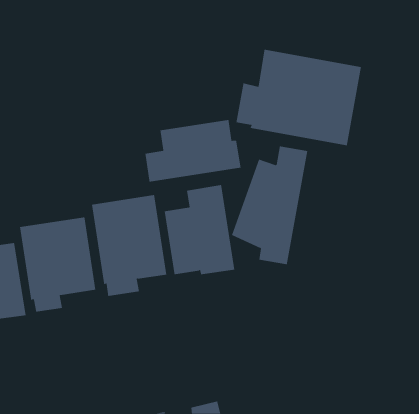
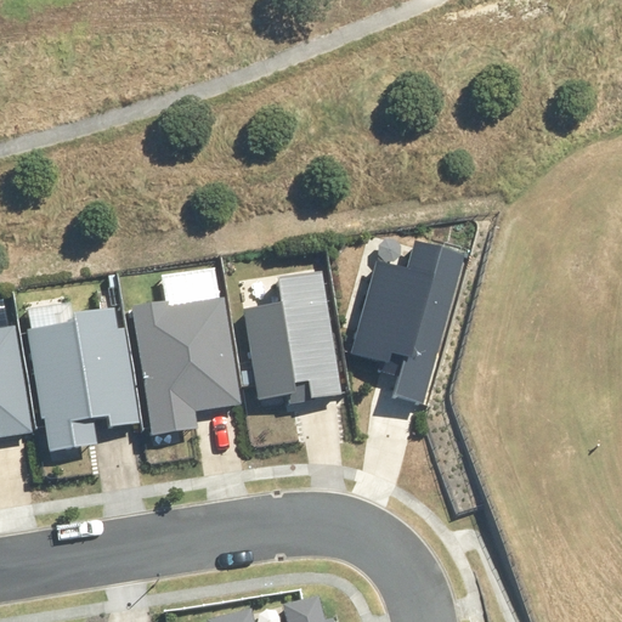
building: [236,49,362,146] -> none
building: [145,119,241,182] -> none

